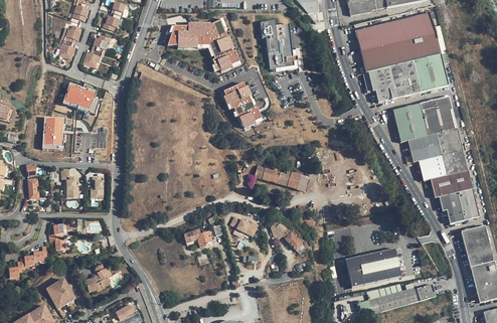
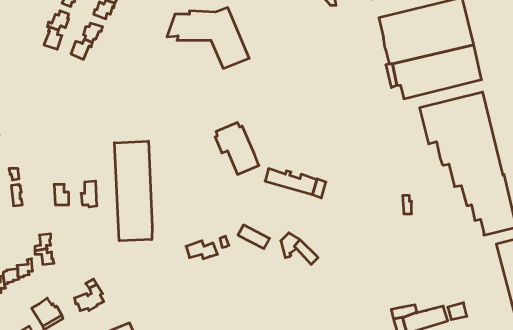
building: [261,21,304,70] -> none
building: [222,84,262,130] -> [215,123,259,174]
building: [66,86,99,114] -> none
building: [44,119,68,150] -> none
building: none -> [114,141,152,241]
building: [345,250,401,289] -> none

